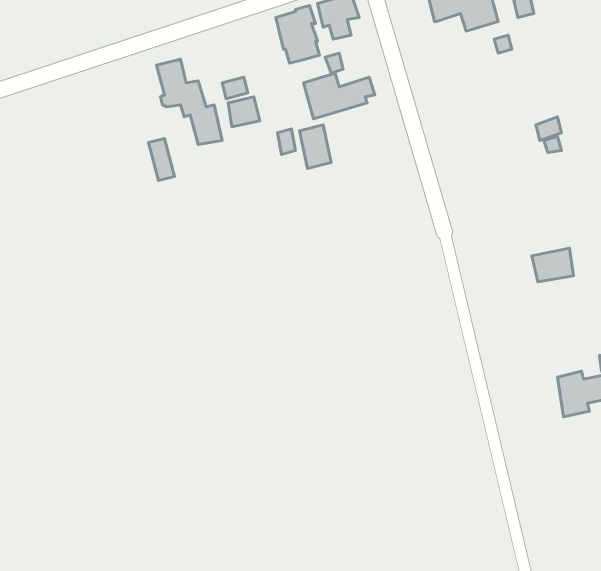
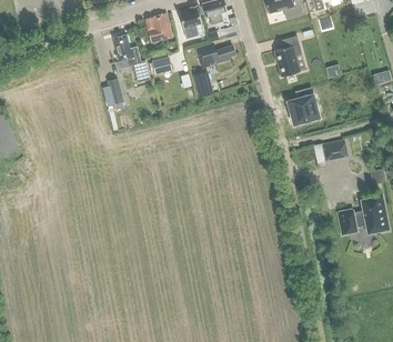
building: none -> [144,14,172,42]
building: none -> [272,36,300,78]
building: none -> [286,88,319,124]

